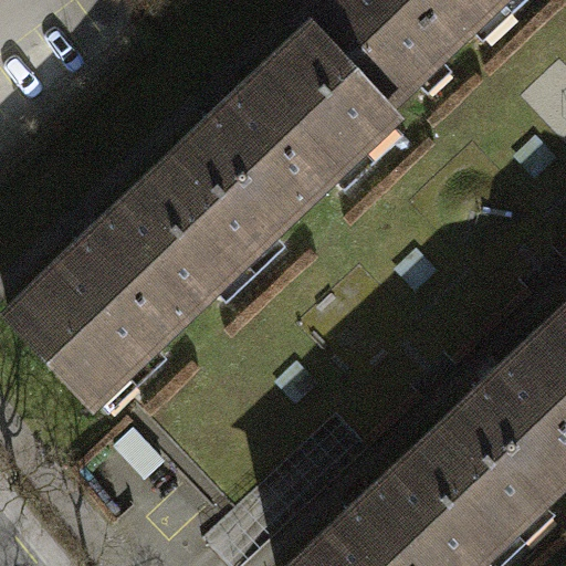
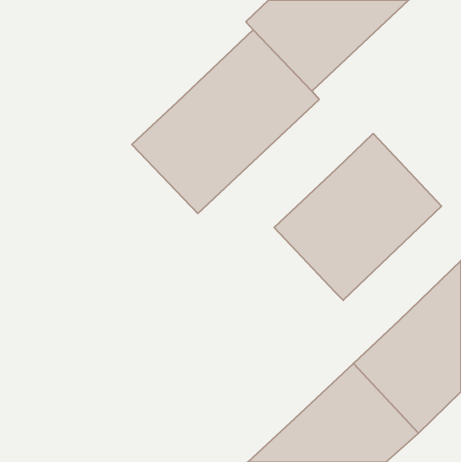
building: none -> [274,134,441,300]
building: [11,177,242,403] -> none

